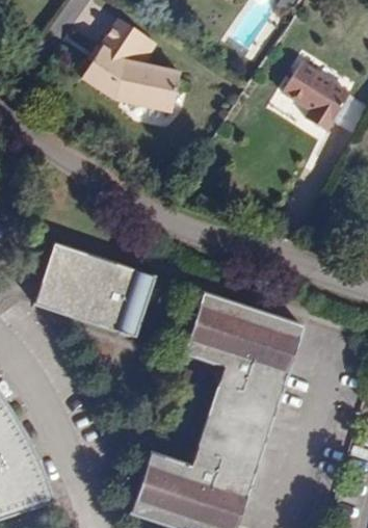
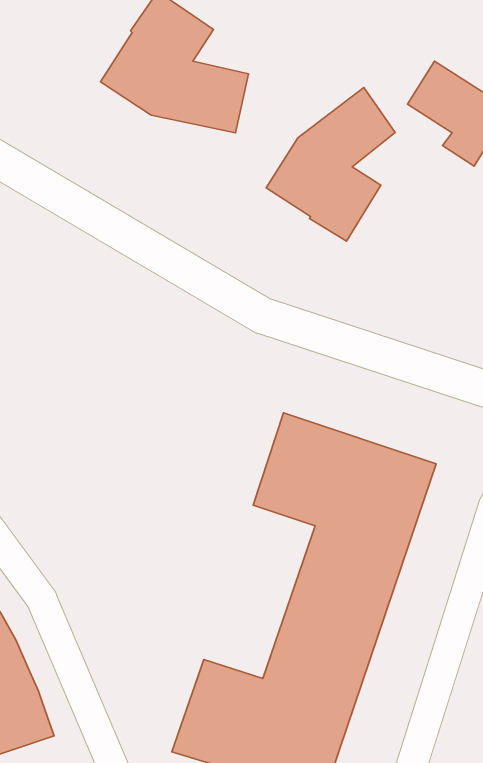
building: none -> [266,88,395,241]
building: [35,246,155,339] -> none

